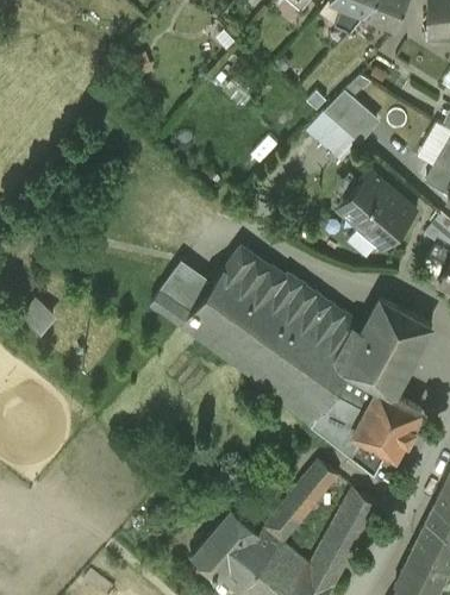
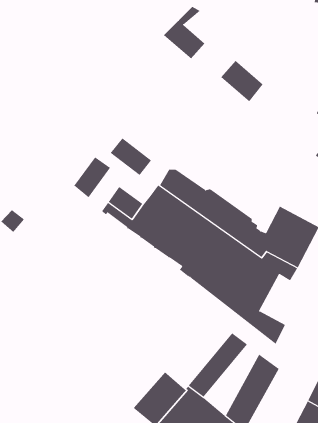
building: [324,74,377,142] -> [163,6,205,59]
building: [338,168,417,242] -> none
building: none -> [110,138,152,176]
building: none -> [74,156,111,198]
building: [355,384,421,453] -> none

